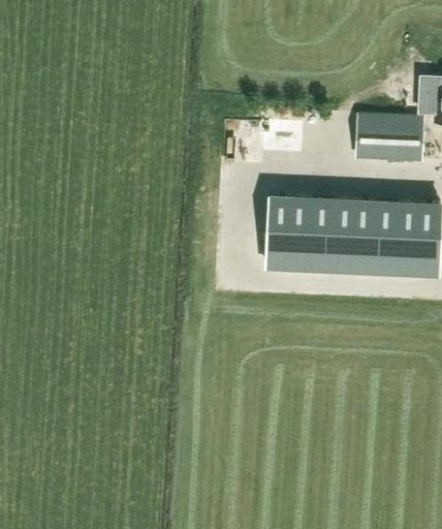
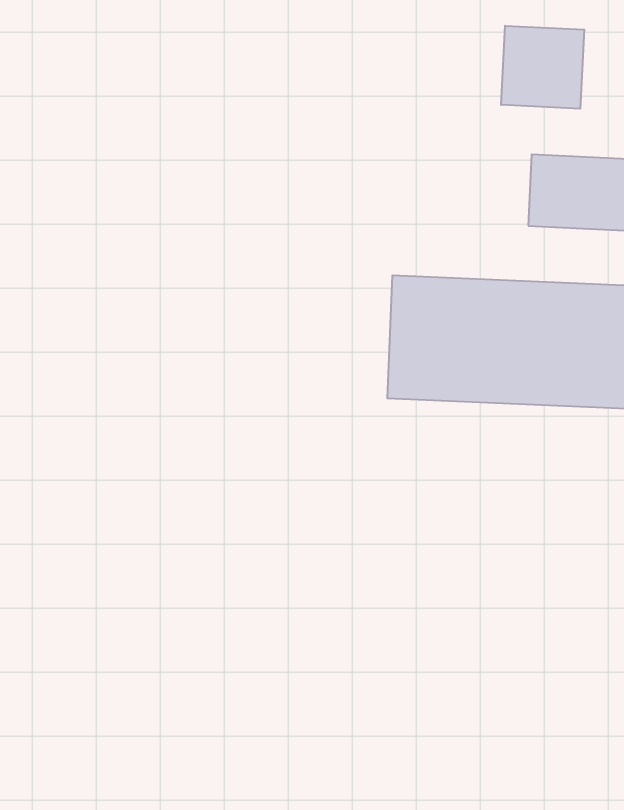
building: none -> [501,26,584,109]

